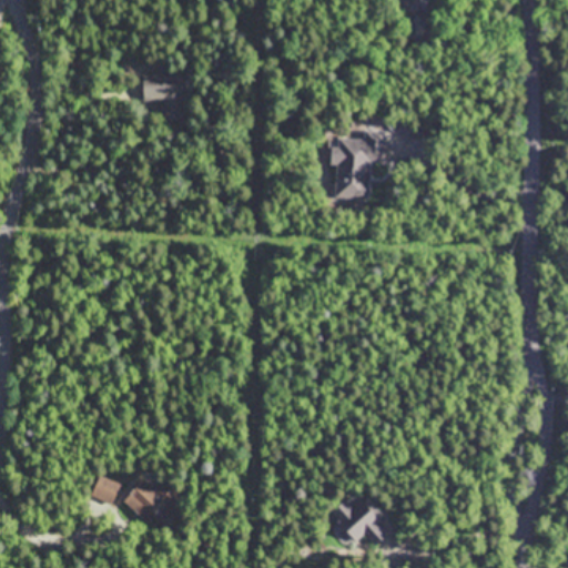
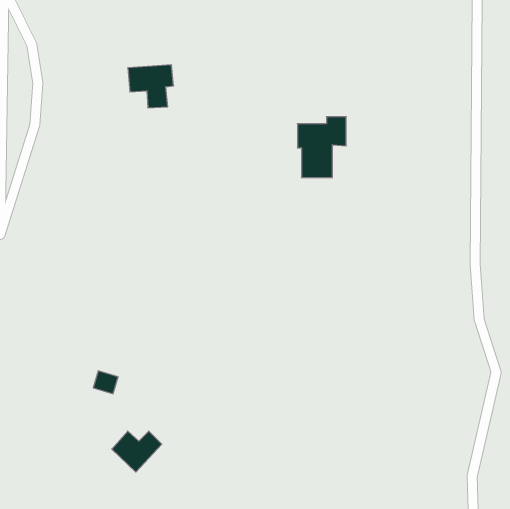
building: [91,476,119,501] -> [93,371,118,394]
building: [331,500,386,545] -> none

